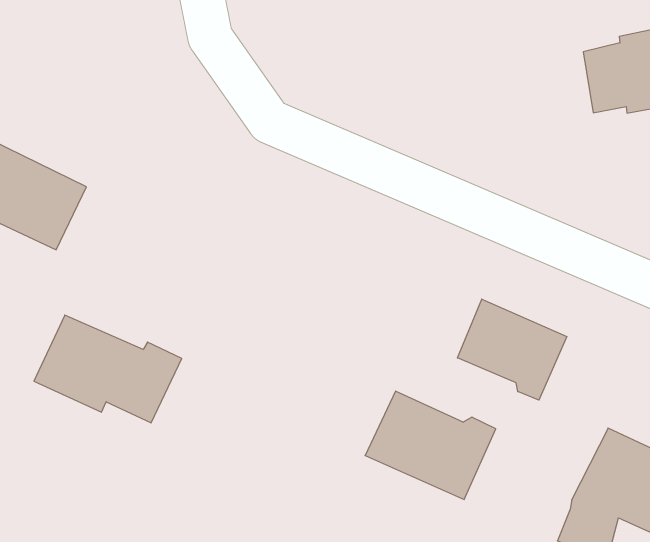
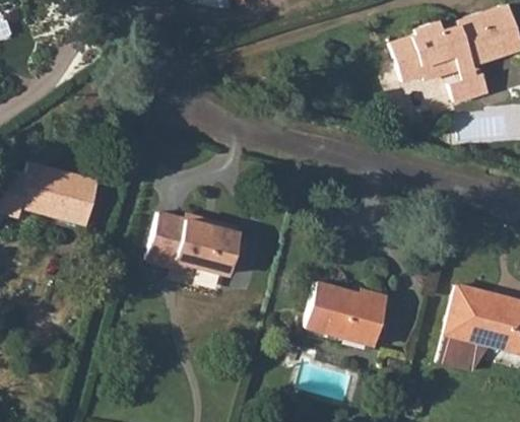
building: [457,299,567,400] -> none
building: [34,315,182,423] -> [147,203,239,263]

